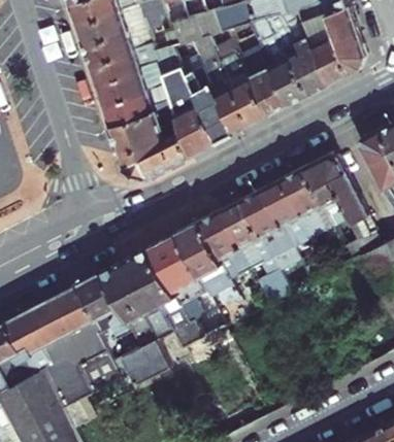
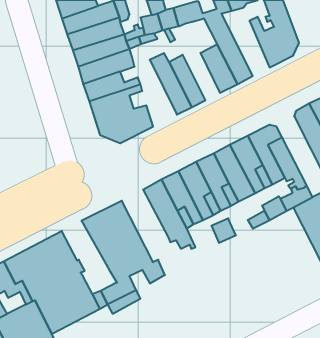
building: [271,11,330,95] -> none
building: [220,53,269,125] -> none
building: [162,65,217,157] -> none
building: [150,234,212,338] -> none
building: [76,272,134,339] -> none

